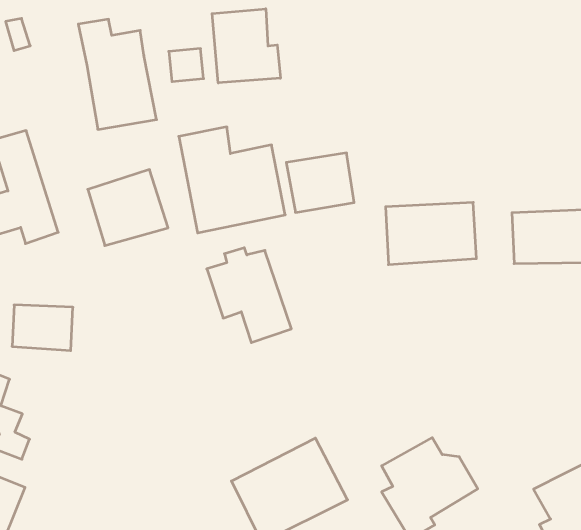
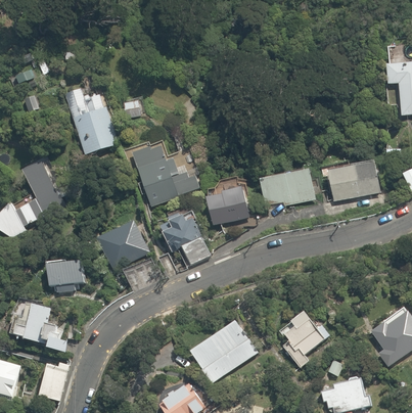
building: [212,9,280,83] -> none
building: [286,153,354,212] -> [205,188,248,227]
building: [88,170,168,246] -> [98,221,148,269]

